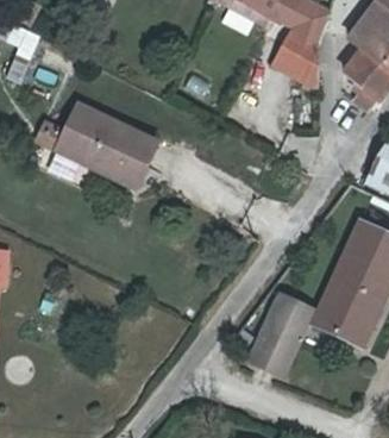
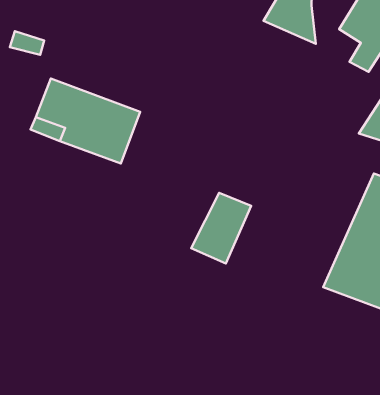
building: [247,292,306,357] -> [191,193,251,263]

